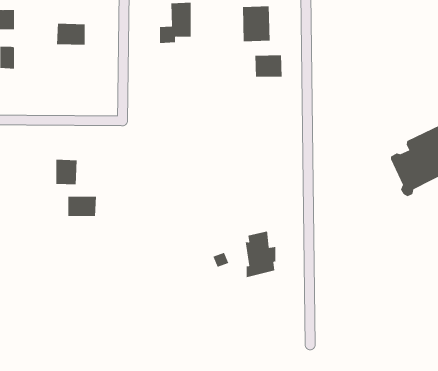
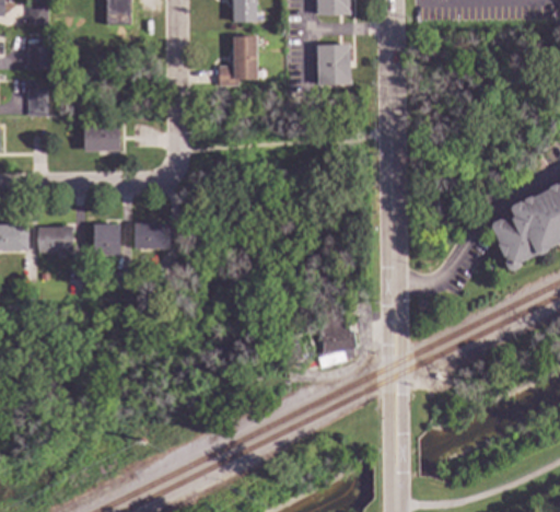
building: [56,23,86,45] -> [83,126,118,152]
building: [255,55,282,77] -> none
building: none -> [37,226,71,253]
building: [67,196,97,216] -> [135,224,170,248]

